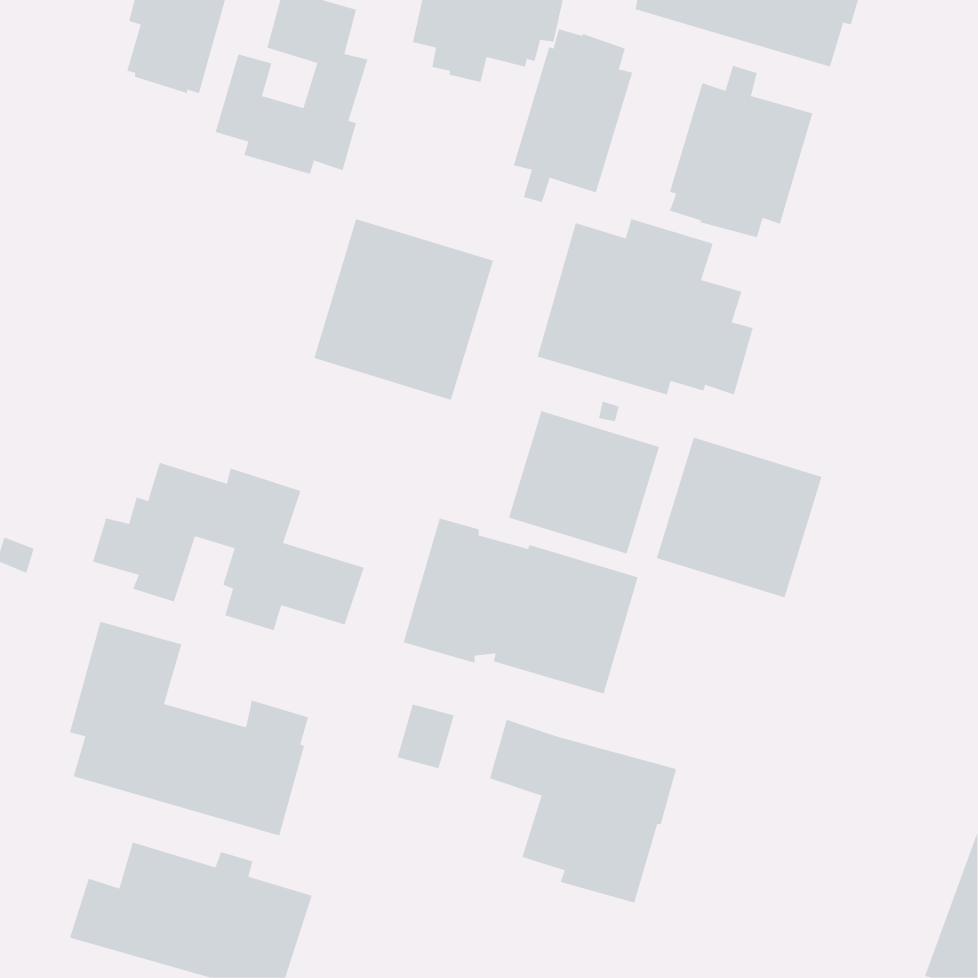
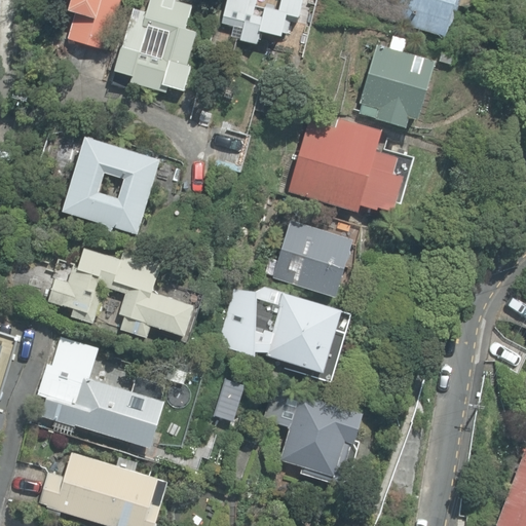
building: [513,29,633,203] -> none
building: [313,218,494,401] -> [64,137,160,234]
building: [656,437,822,598] -> none

